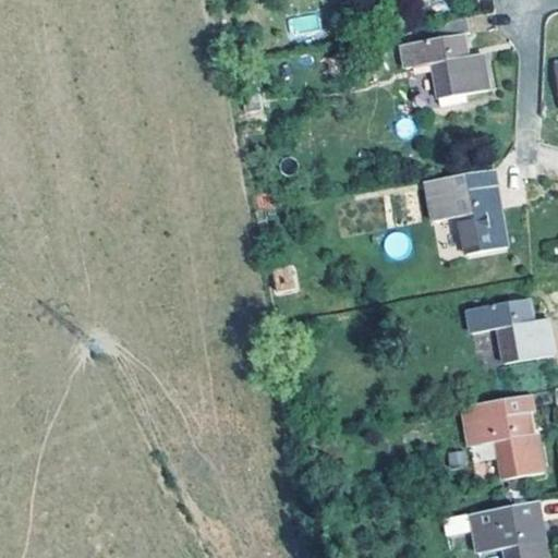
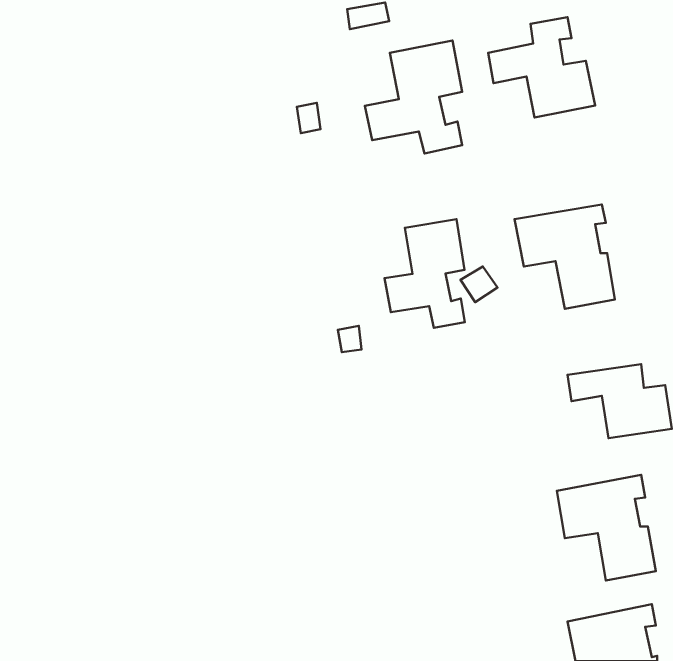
building: none -> [365,41,462,153]
building: none -> [385,219,465,328]

